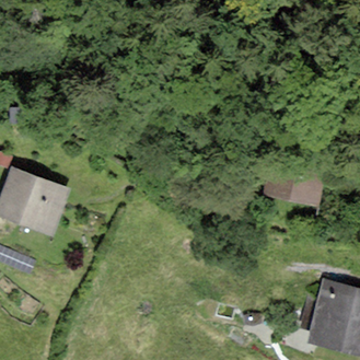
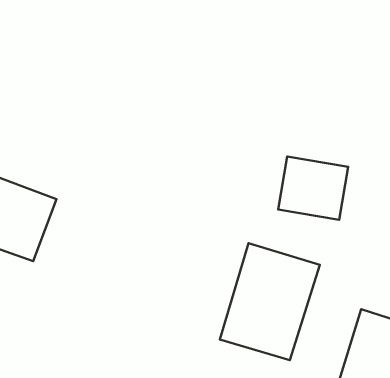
building: none -> [220,243,320,360]

